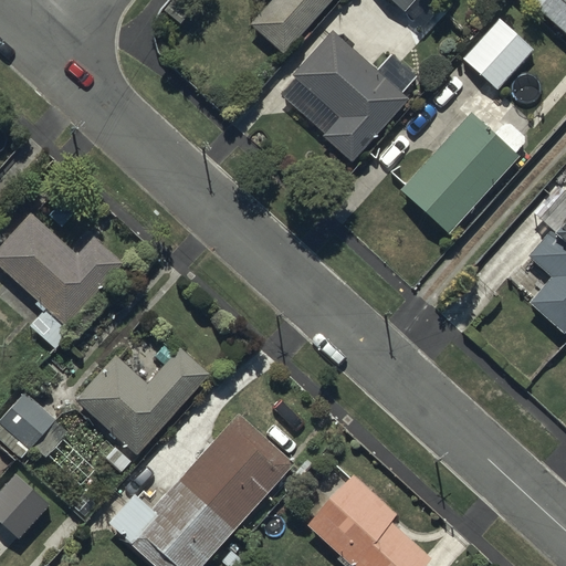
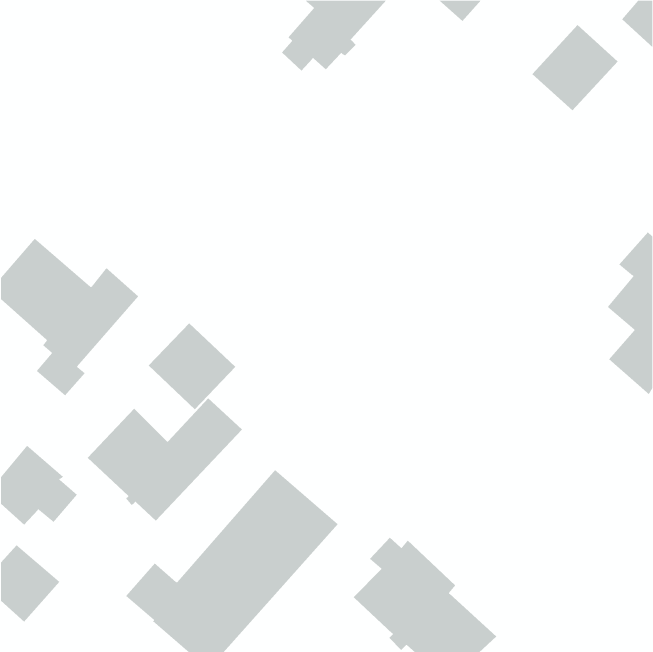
building: [279,36,416,170] -> none
building: [398,122,525,242] -> none
building: none -> [148,322,236,410]

